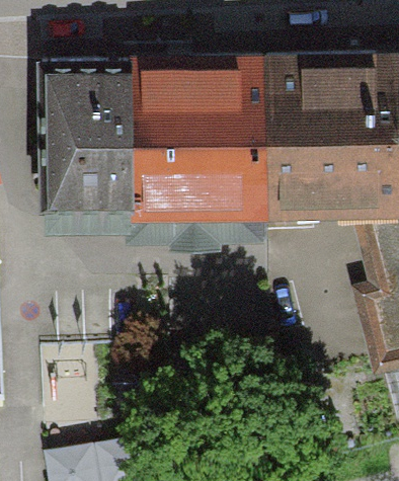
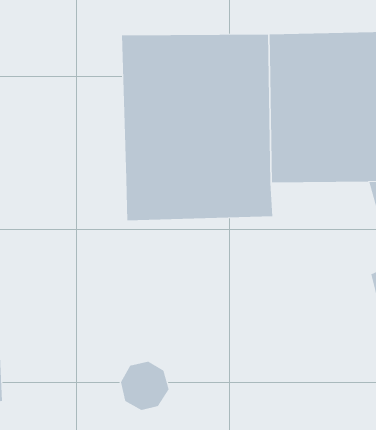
building: [33,53,123,193] -> none

